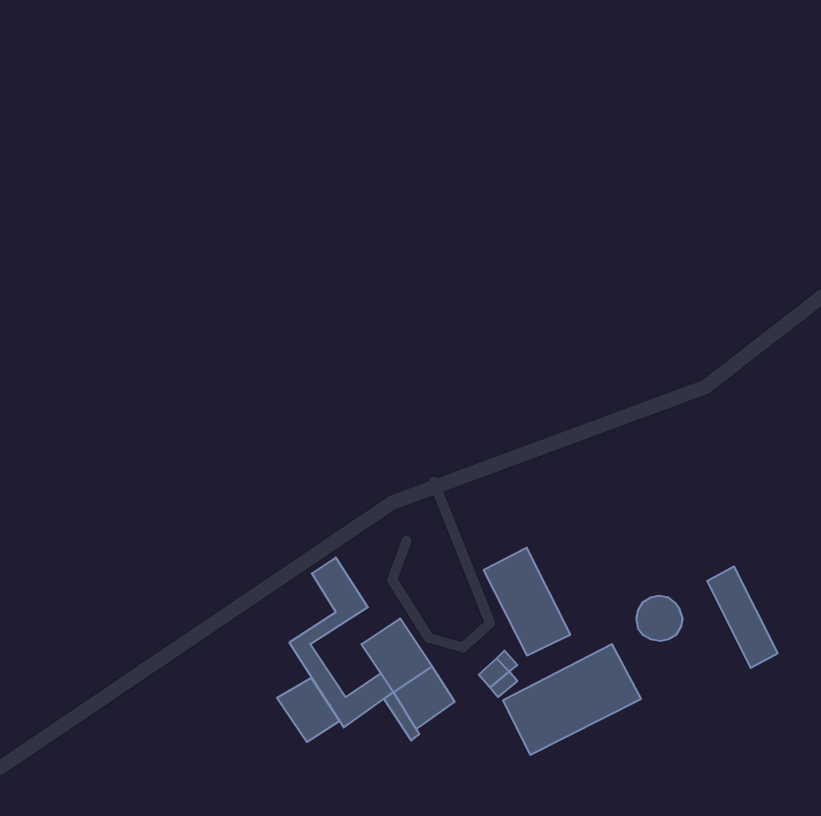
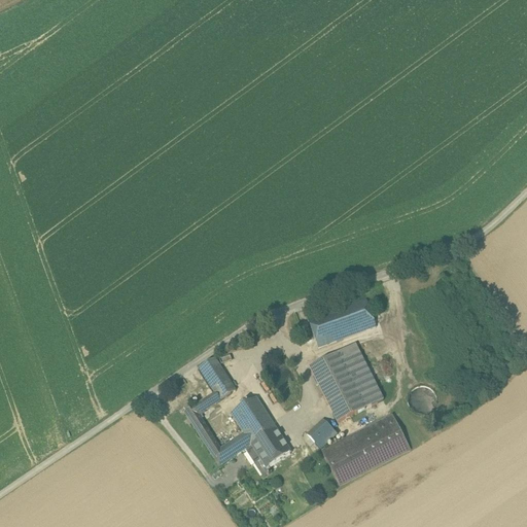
building: none -> [307,294,375,345]
building: [707,567,778,668] -> [338,342,383,407]
building: [277,678,340,742] -> none

